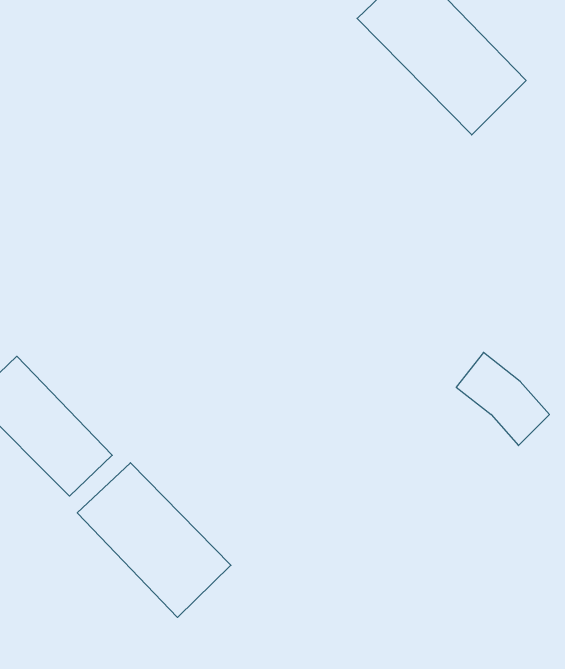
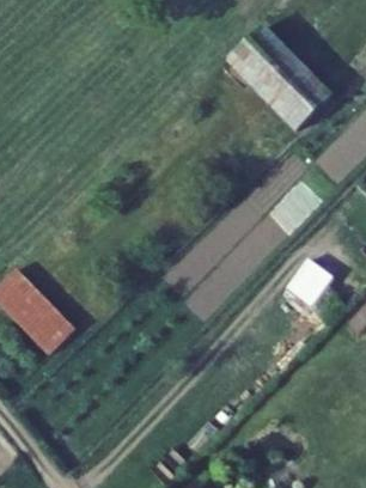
building: [77,463,231,617] -> none

